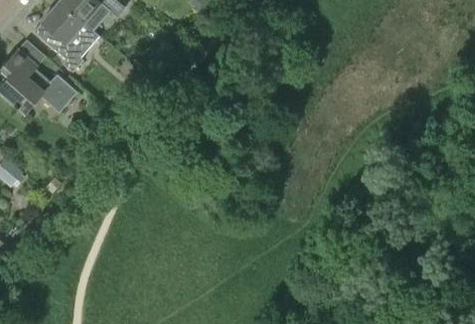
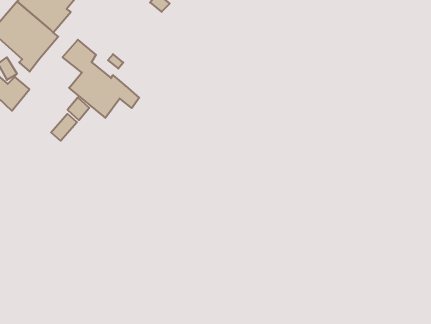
building: none -> [63,40,139,118]

